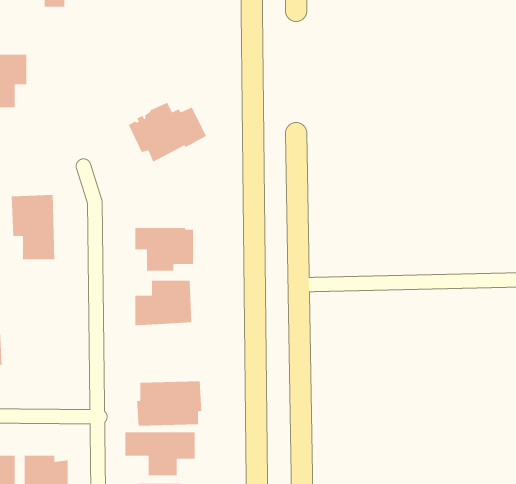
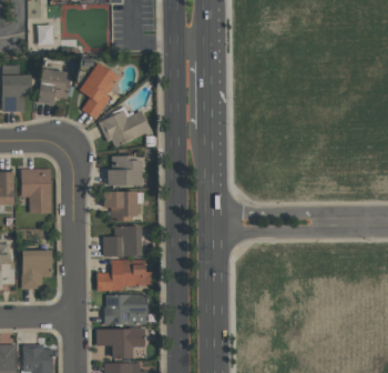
building: none -> [79,63,120,120]
building: none -> [37,69,69,104]
building: none -> [105,155,140,185]
building: none -> [21,250,52,290]
building: none -> [96,260,152,291]

